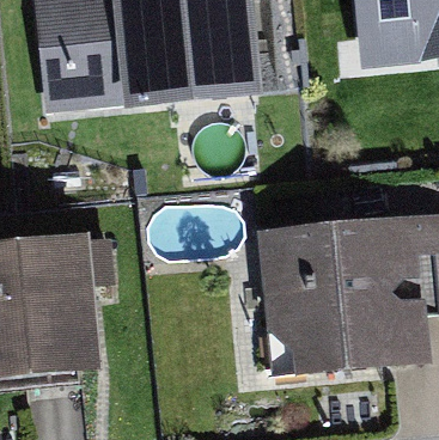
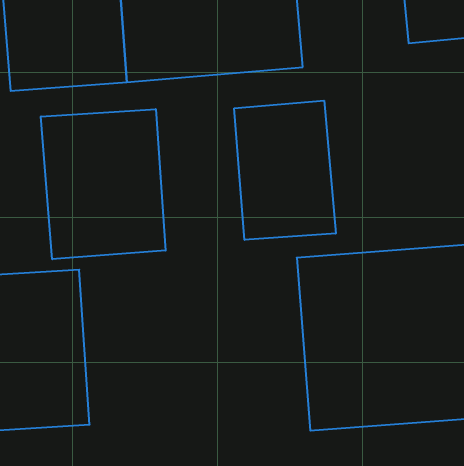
building: none -> [234,101,336,240]
building: none -> [41,109,166,259]

